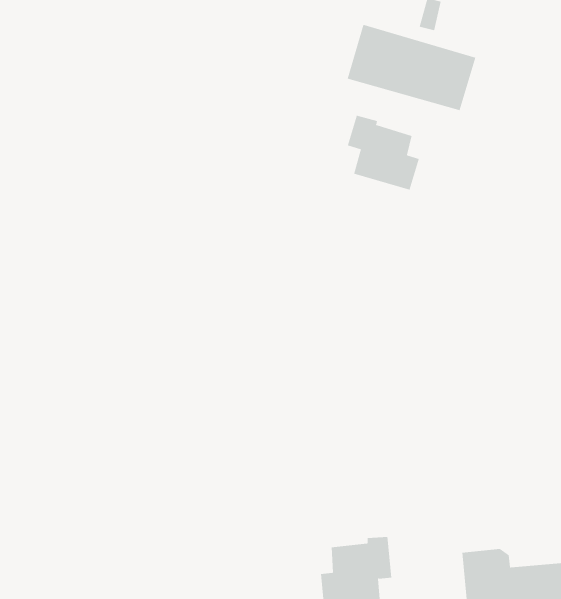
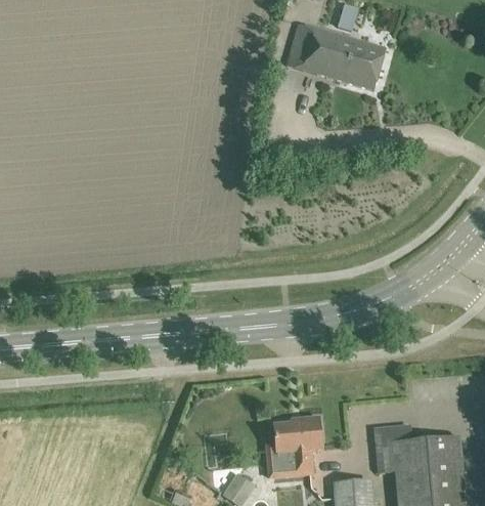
building: [347,115,419,191] -> none

